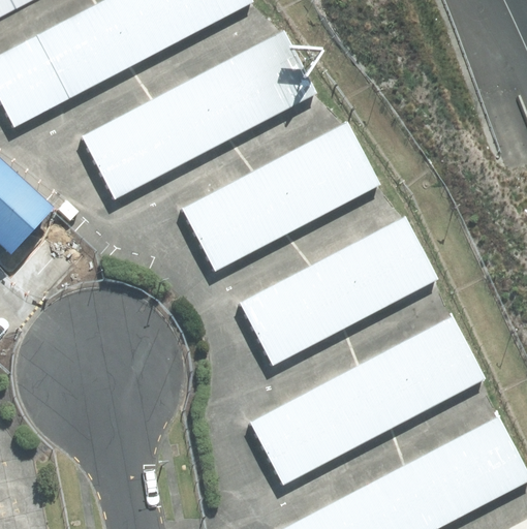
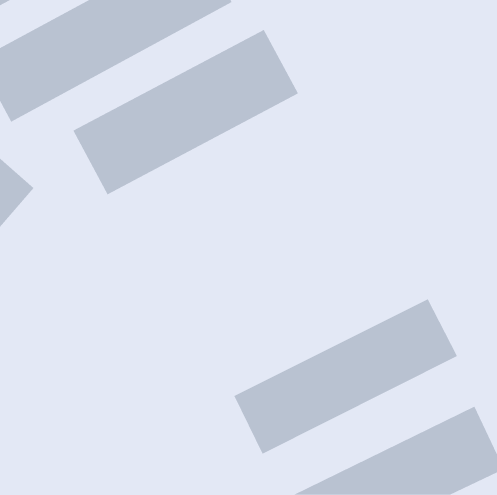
building: [179,124,383,275] -> none
building: [235,213,435,364] -> none

